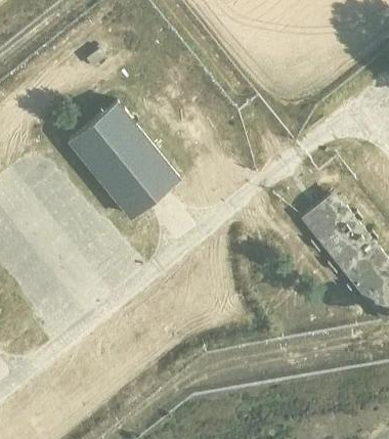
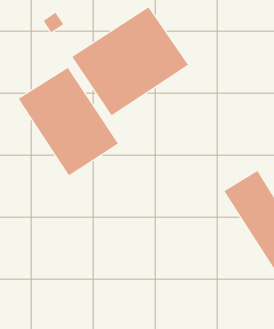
building: none -> [71,6,189,116]

